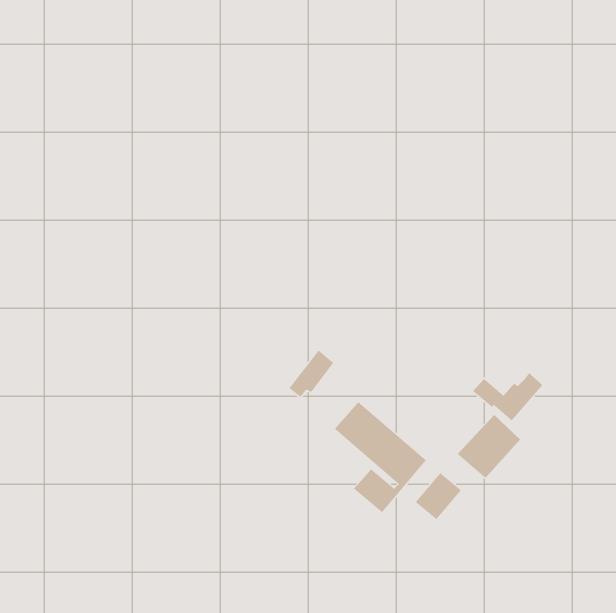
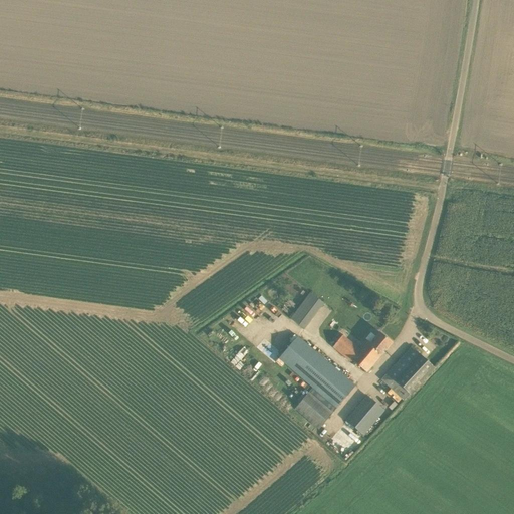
building: [288,350,334,398] -> [285,291,323,331]
building: [472,372,543,421] -> [332,330,392,371]

